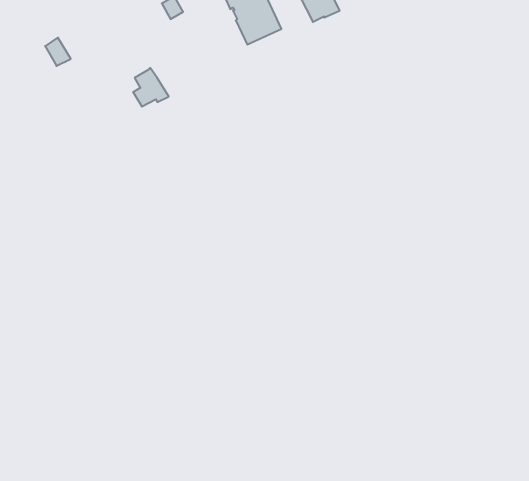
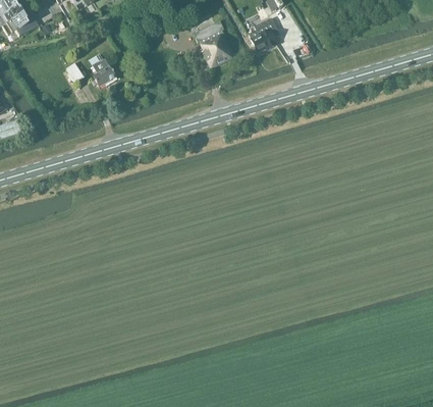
building: [133,68,169,106] -> [92,56,117,84]

